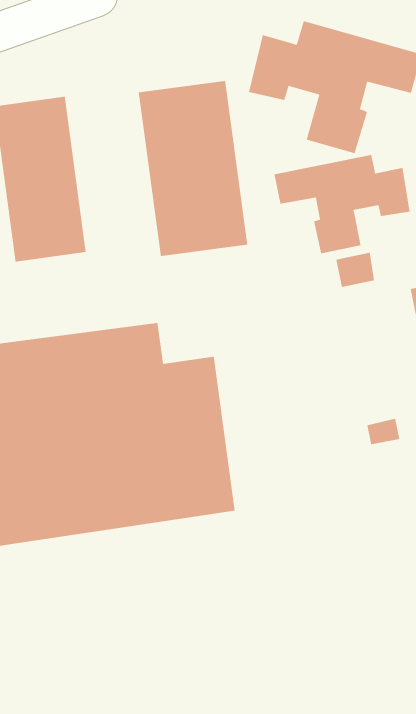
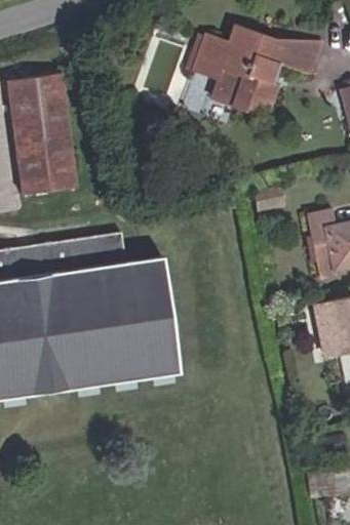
building: [138,80,248,257] -> none
building: [274,154,410,254] -> none

